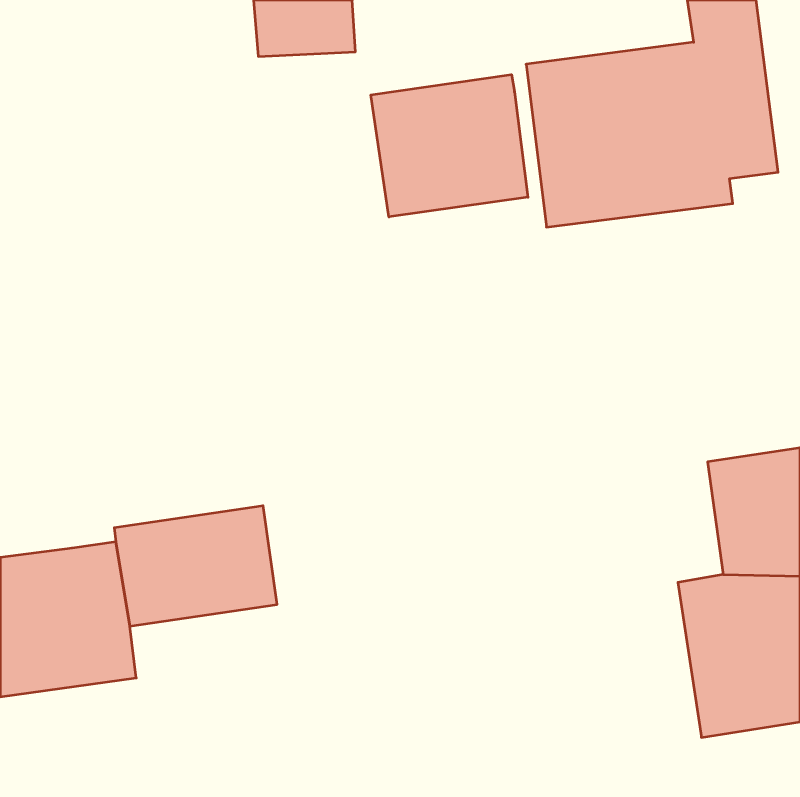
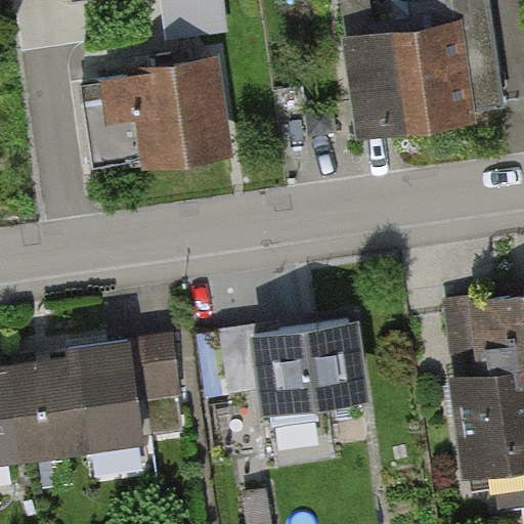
building: [371,75,528,217] -> none
building: none -> [95,62,228,167]
building: none -> [225,320,362,409]

